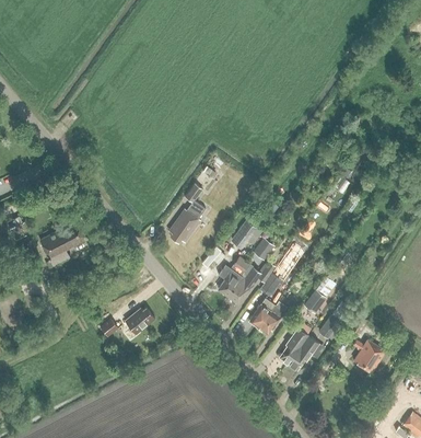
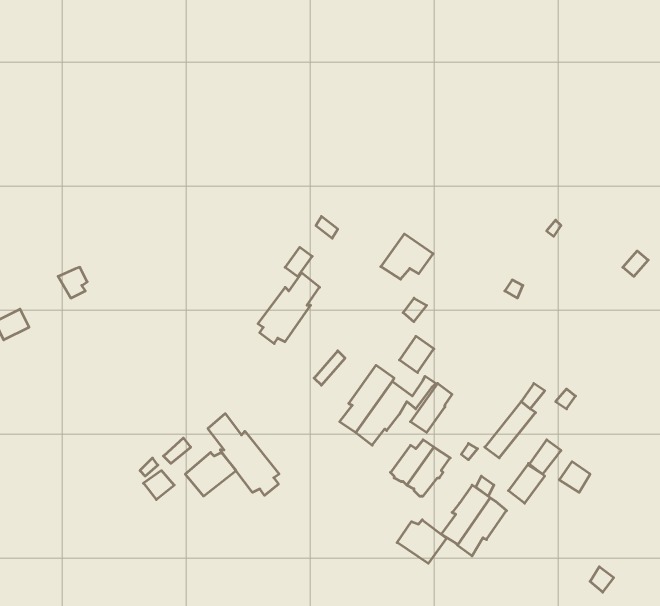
building: [39,220,86,267] -> none
building: [232,220,264,247] -> [381,234,433,279]
building: none -> [208,414,279,495]
building: [353,339,385,371] -> none
building: none -> [397,520,446,563]

